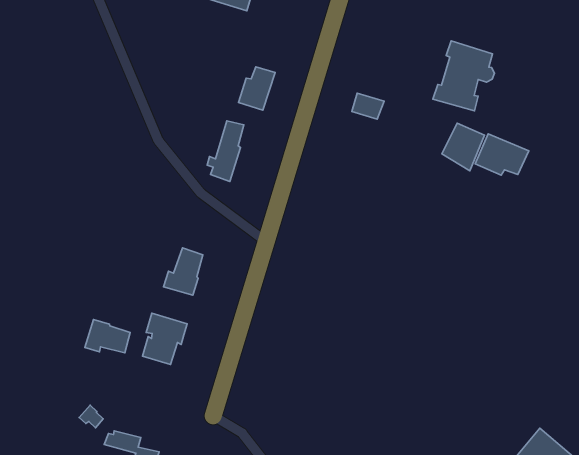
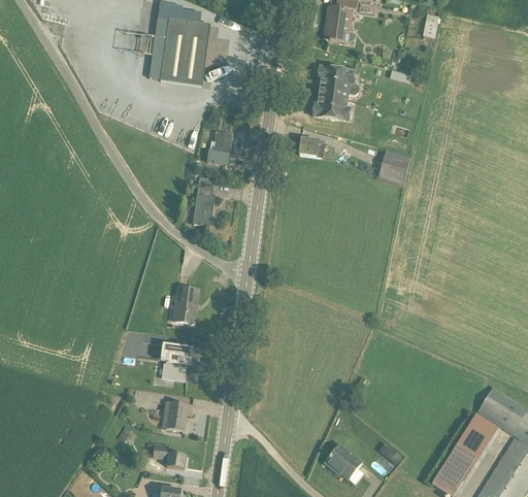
building: [433,41,494,111] -> [312,66,359,120]
building: [475,134,529,175] -> none
building: [85,319,130,353] -> none
building: none -> [161,400,192,430]

